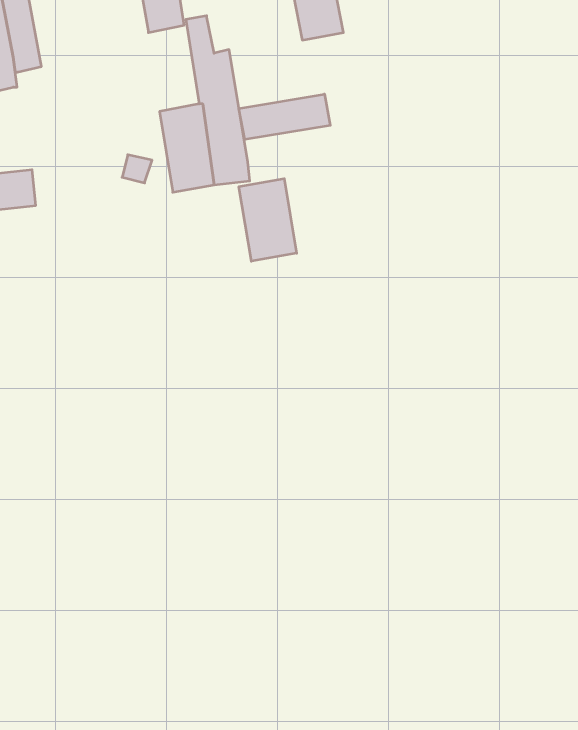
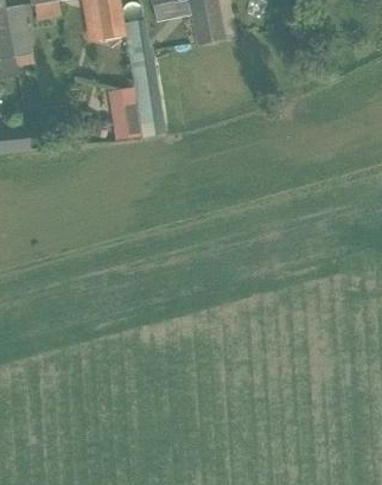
building: [239,94,330,140] -> none
building: [239,179,297,261] -> none

